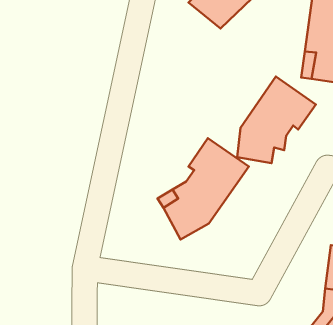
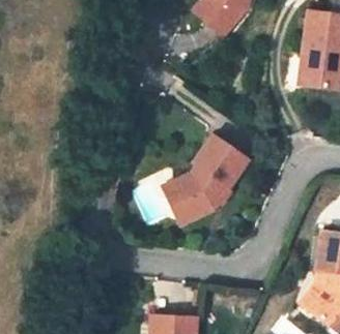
building: [237,77,316,163] -> none

